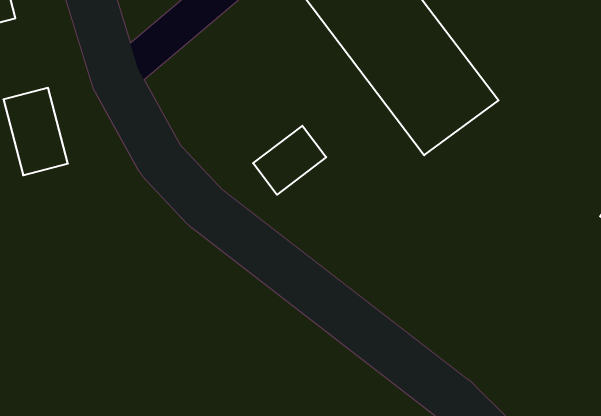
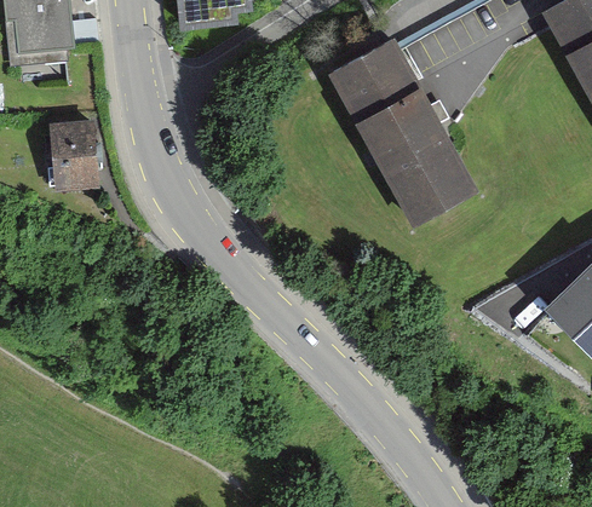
building: [253,126,326,195] -> none

